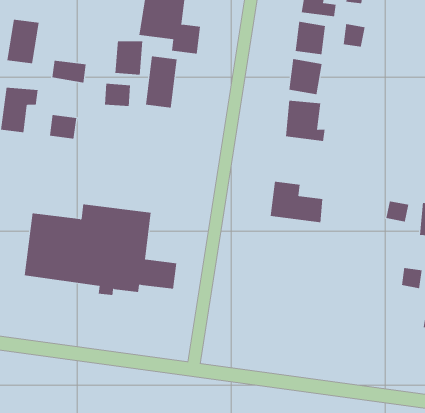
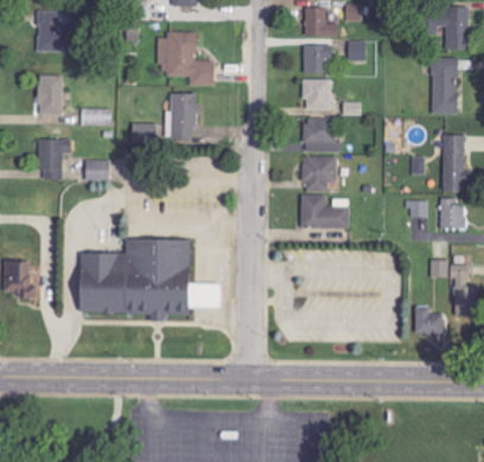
building: [115,40,143,76] -> none
building: none -> [302,156,336,193]
building: none -> [414,306,442,334]

